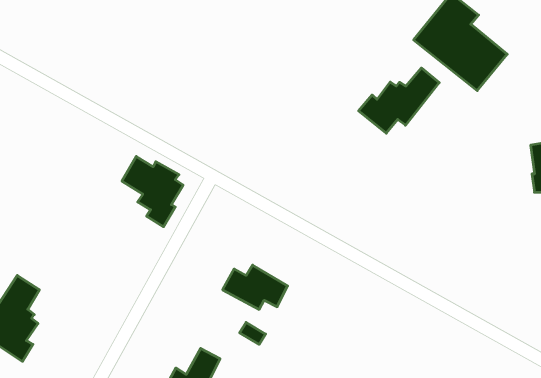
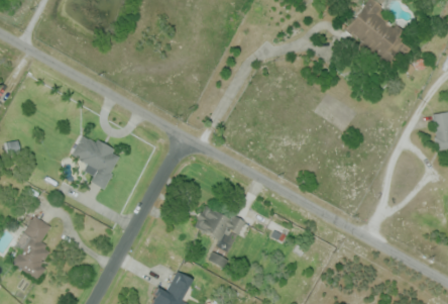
building: [359,68,439,133] -> none
building: [122,156,183,227] -> [72,134,119,189]

